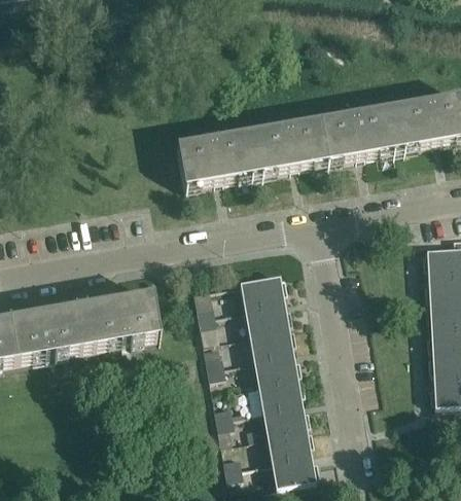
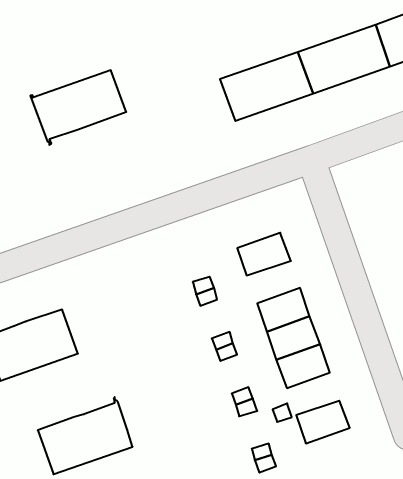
building: [176,129,256,184] -> [30,70,126,145]
building: [80,287,159,345] -> [38,397,133,474]
building: [244,295,288,327] -> none
building: [262,397,306,429] -> none
building: [271,448,315,480] -> none

